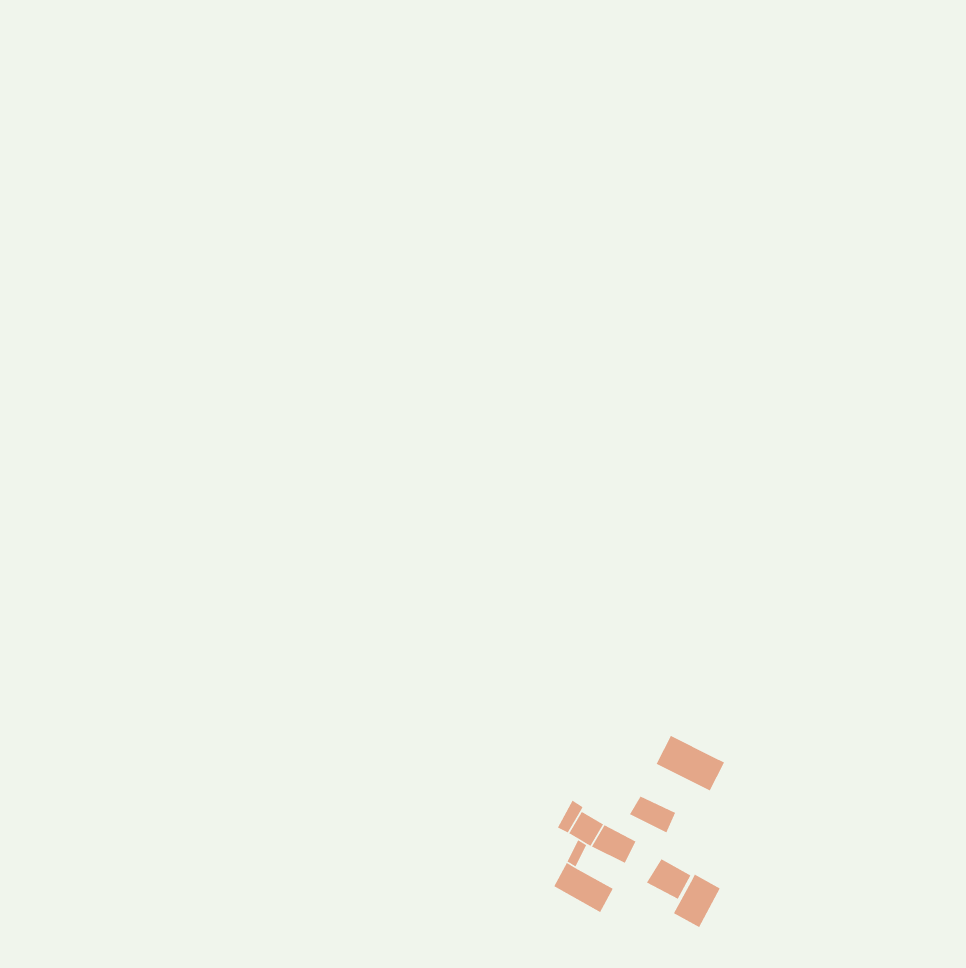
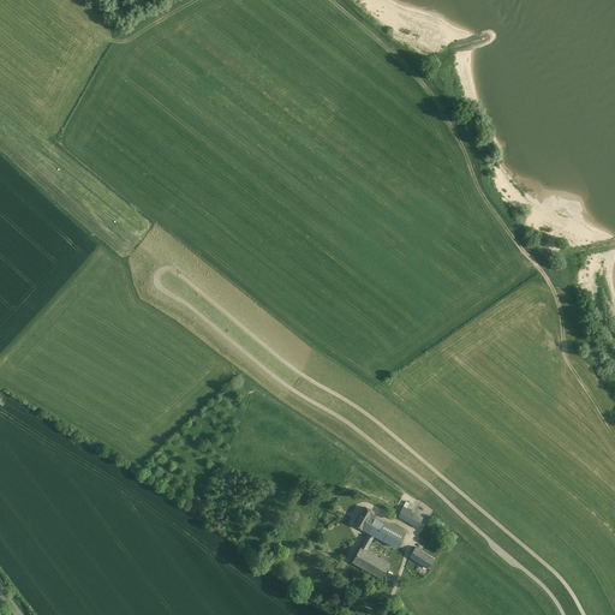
building: [655,735,725,791] -> none
building: [673,874,721,928] -> none

